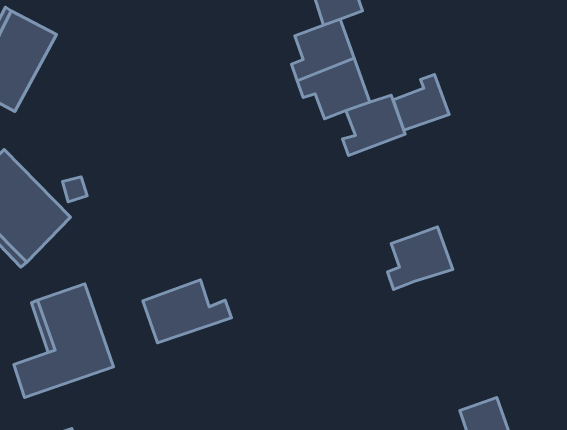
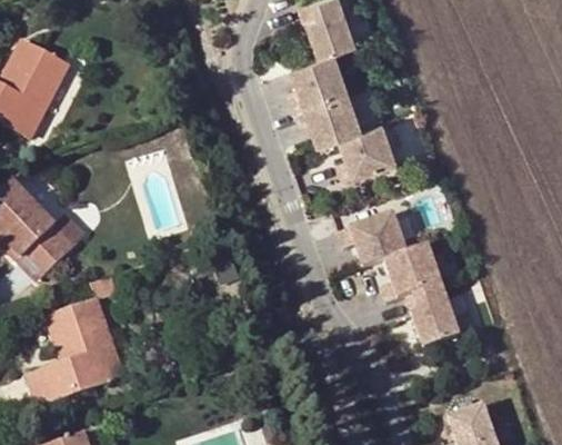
building: [393,74,449,130] -> none
building: none -> [338,214,405,267]
building: none -> [405,285,458,347]
building: [143,280,231,343] -> none

